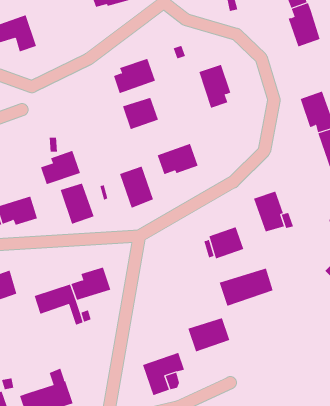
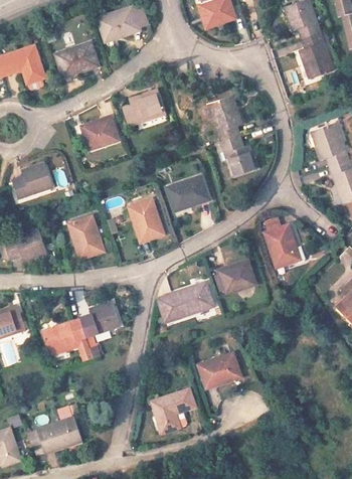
building: none -> [55,42,99,77]
building: [122,97,159,130] -> [81,117,119,150]
building: none -> [221,135,256,176]
building: [40,150,81,185] -> [12,163,53,198]
building: [219,268,273,306] -> [158,283,213,322]

